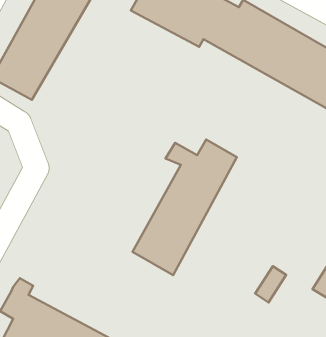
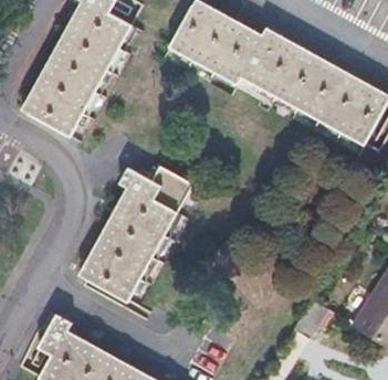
building: [132,140,237,275] -> [85,165,190,300]

